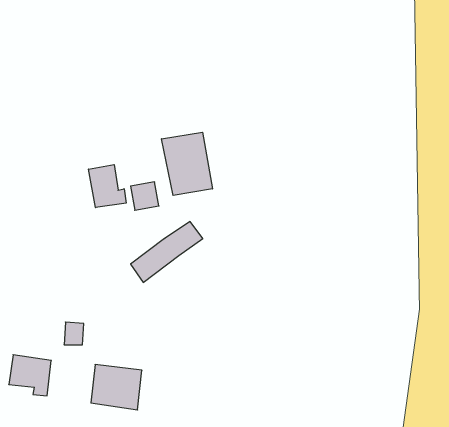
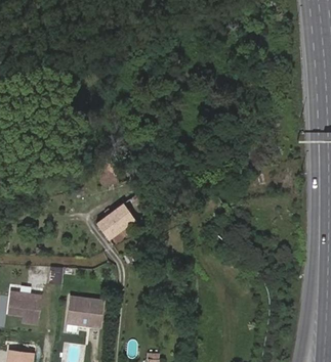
building: [162,132,212,195] -> none
building: [89,165,126,208] -> none

